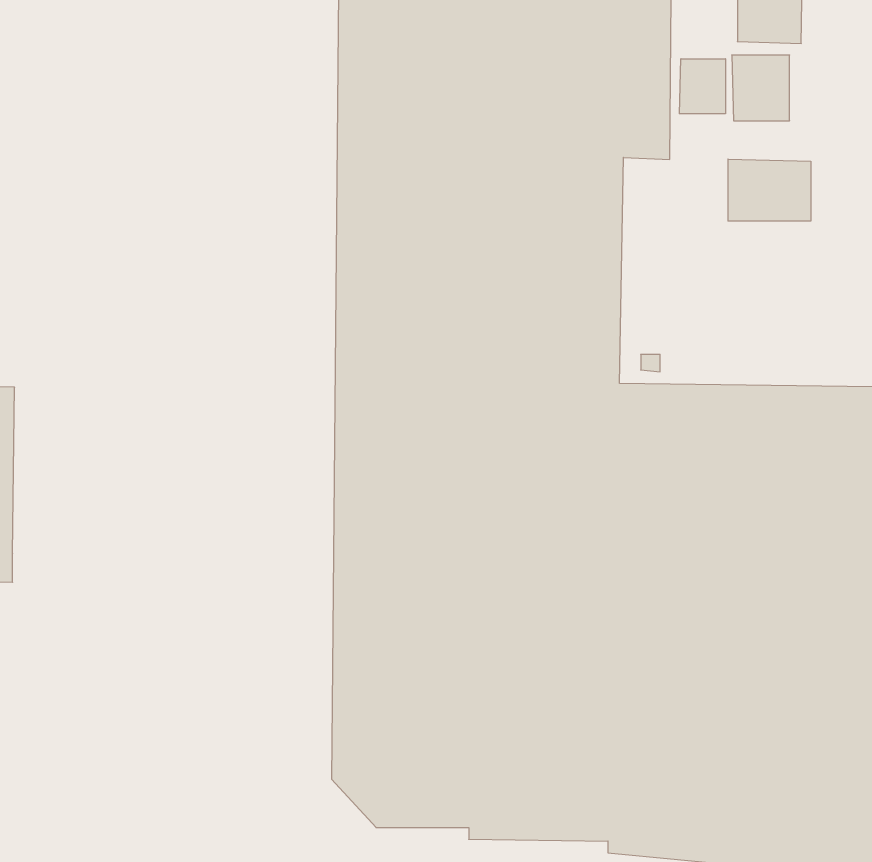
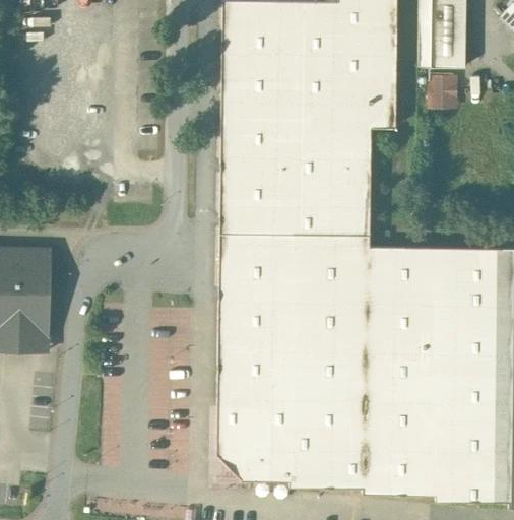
building: [679,59,725,114] -> none
building: [728,159,811,221] -> none

